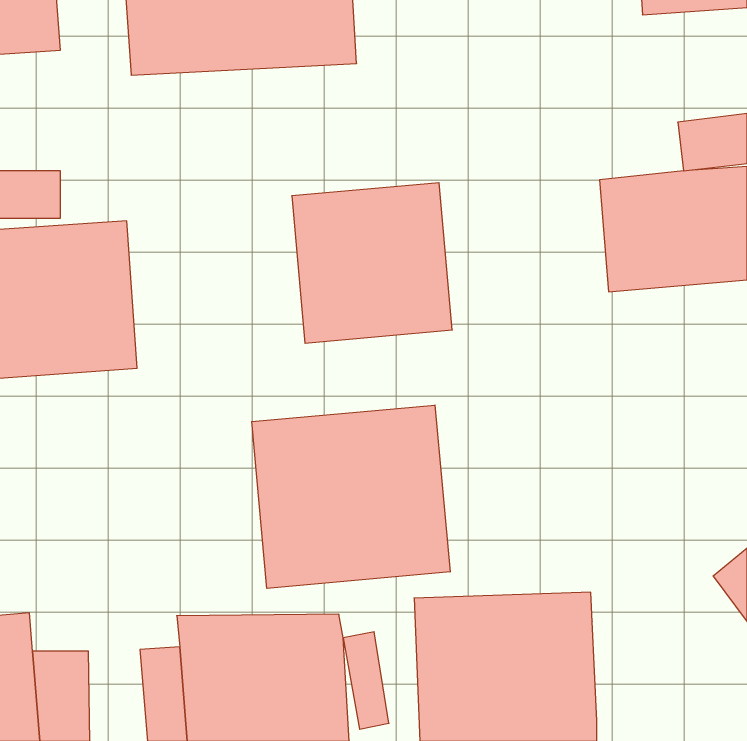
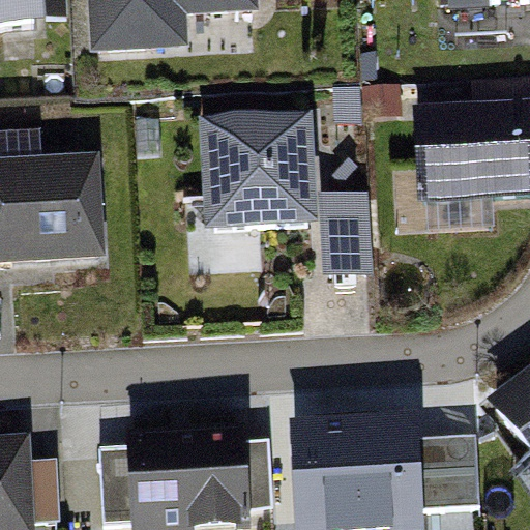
building: none -> [320,195,376,276]
building: [252,405,450,588] -> none
building: none -> [416,435,477,506]

